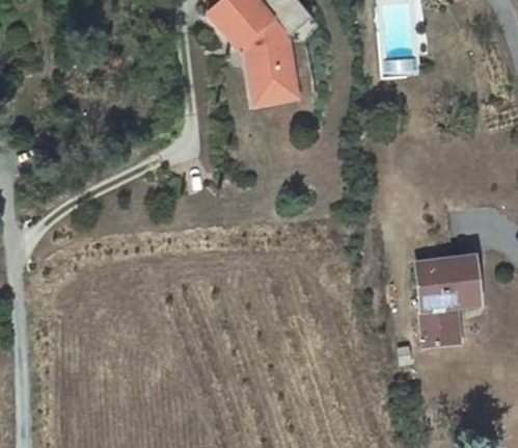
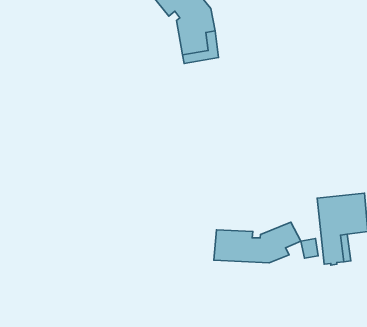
building: none -> [214,222,301,263]

